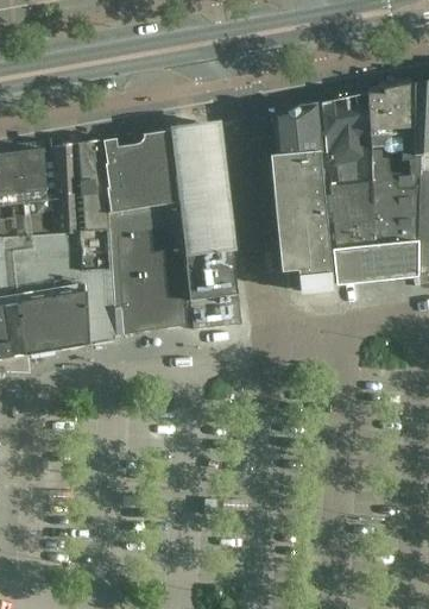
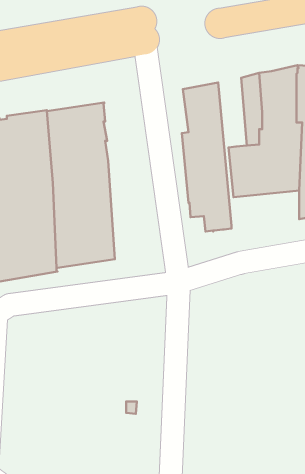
building: [321,98,352,183] -> none
building: [175,123,241,327] -> none
building: [333,239,409,281] -> none

